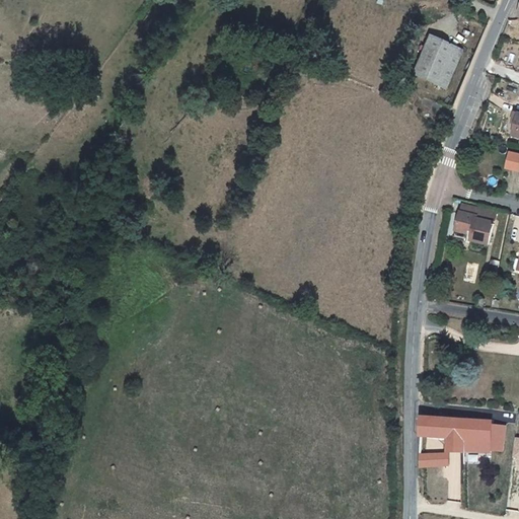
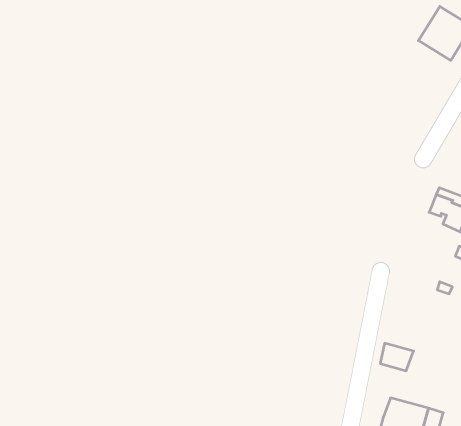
building: [415,415,445,438] -> [380,343,414,371]

